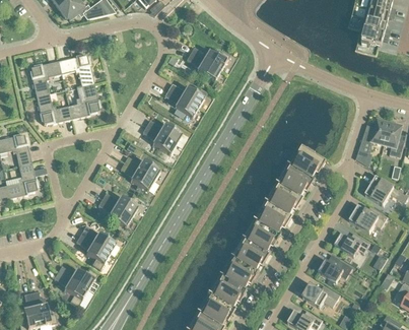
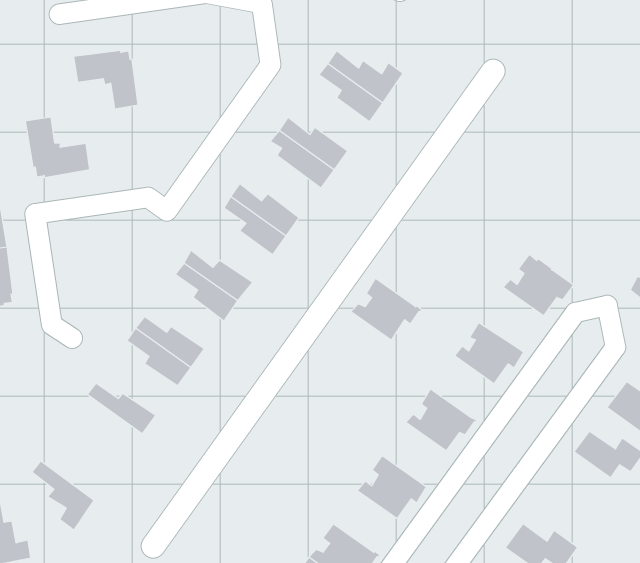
building: [29,60,60,95] -> none
building: [67,82,98,118] -> none
building: [278,161,315,193] -> none
building: [256,199,292,230] -> [351,278,421,340]
building: [74,235,109,269] -> none
building: [233,236,270,267] -> none
building: [317,259,351,284] -> none
building: [57,265,96,289] -> none
building: [211,273,248,305] -> none

